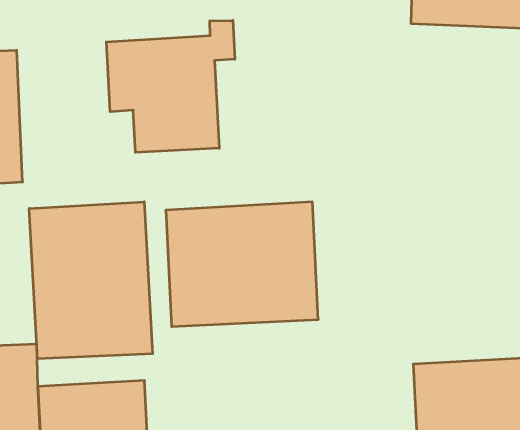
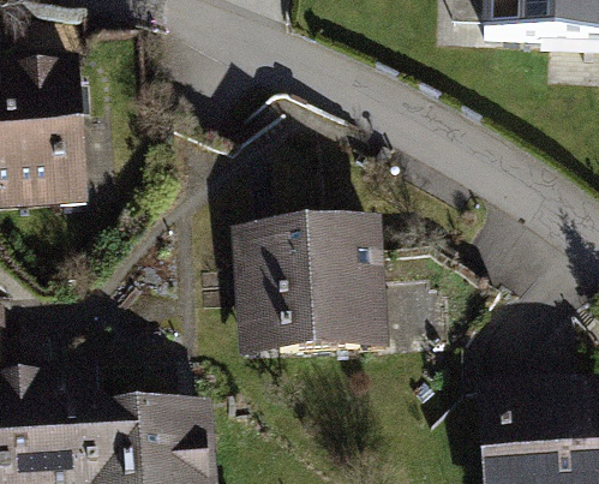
building: [106,20,235,152] -> none
building: [29,202,153,359] -> none

